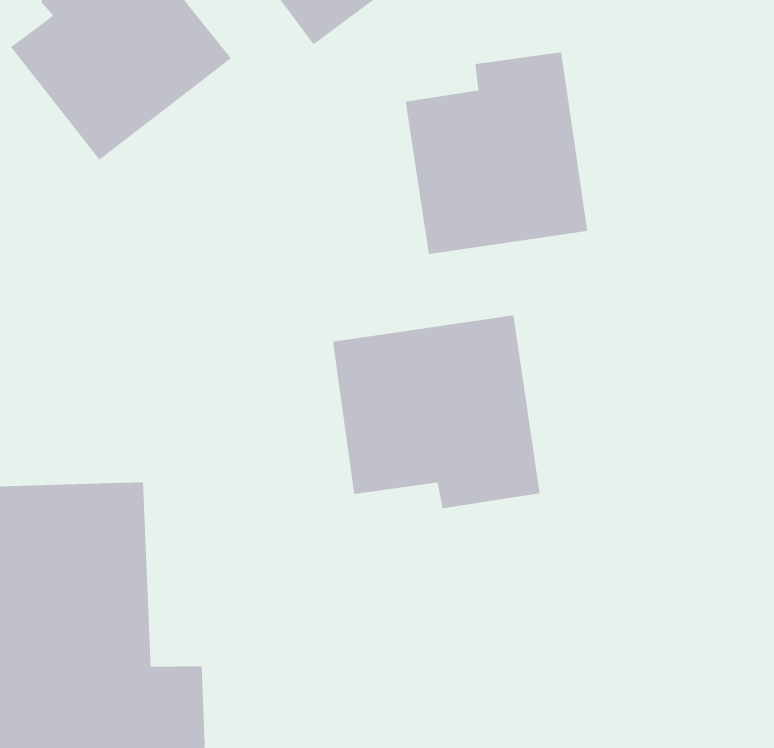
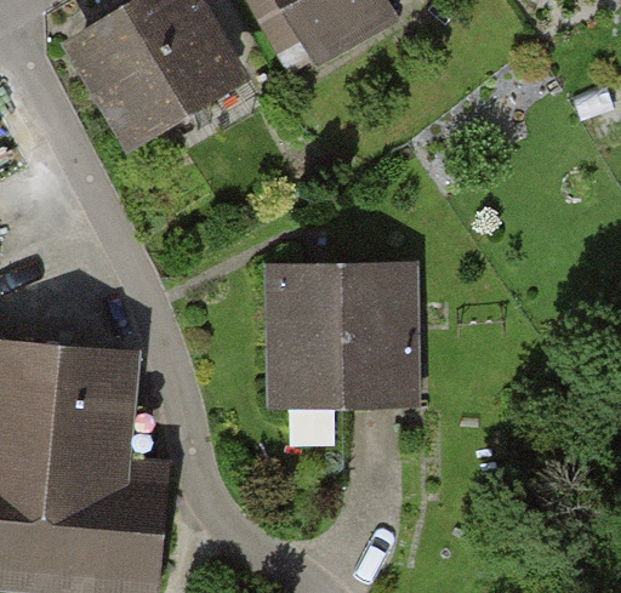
building: [405,51,588,255] -> none

